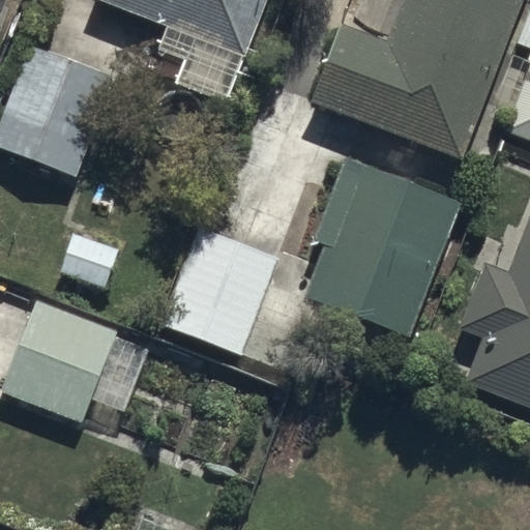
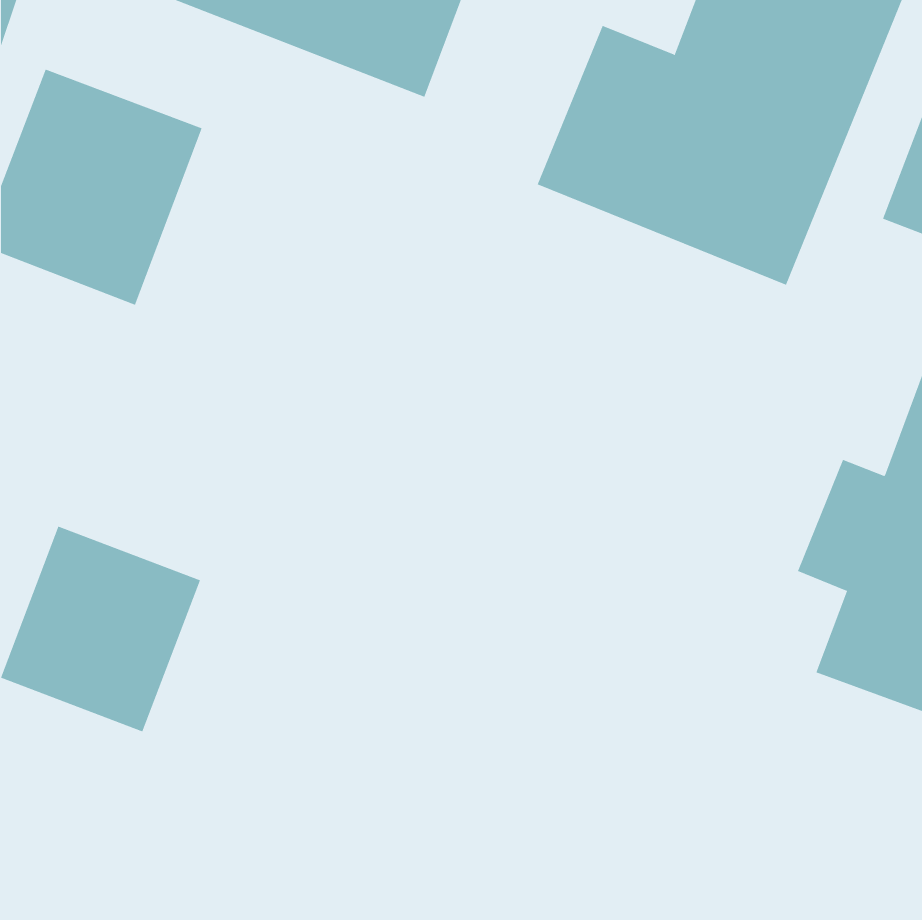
building: [302,163,461,337] -> none
building: [161,225,281,355] -> none

